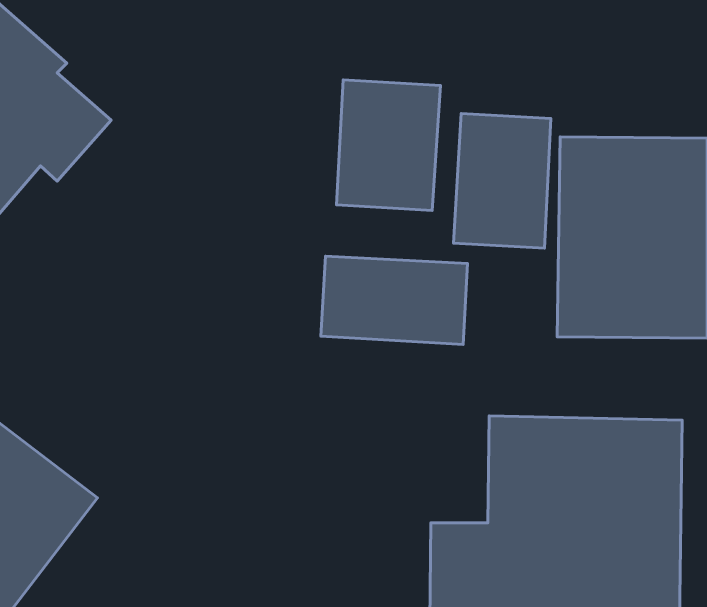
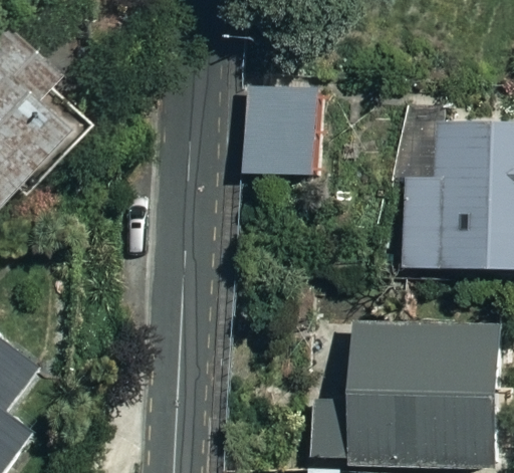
building: [454,113,551,248] -> none
building: [321,256,468,344] -> none

